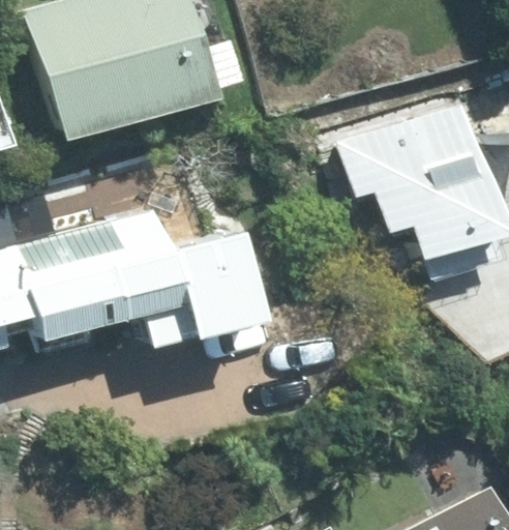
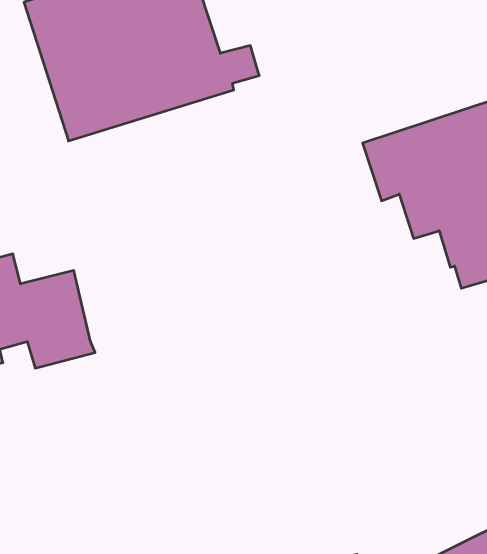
building: [70,202,254,350] -> none

